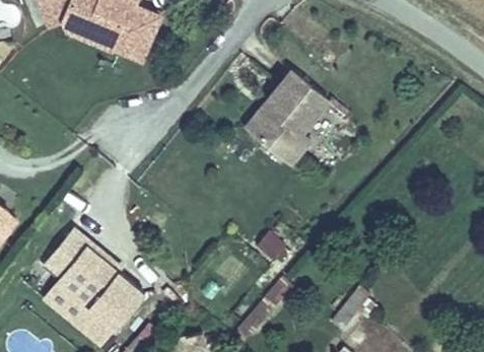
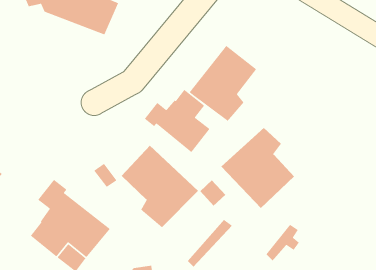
building: none -> [144,89,210,153]
building: none -> [220,127,295,209]
building: none -> [121,145,199,228]

